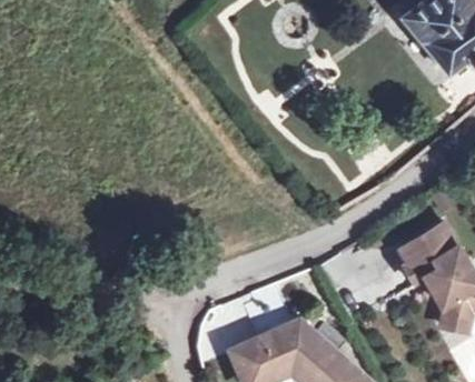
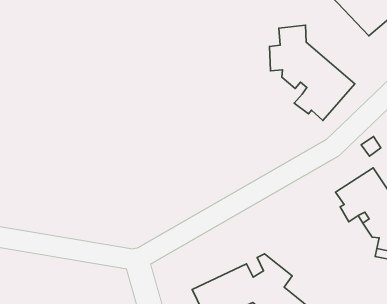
building: none -> [269,25,355,121]

